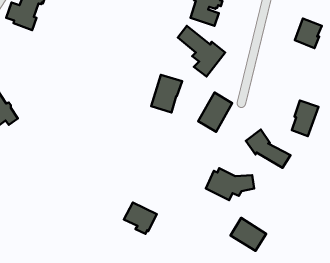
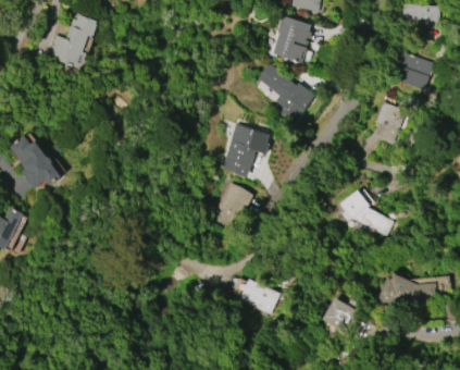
building: [198,92,232,132] -> [210,182,251,230]
building: [292,101,319,136] -> [372,101,405,145]
building: [206,168,254,200] -> [377,273,436,312]
building: [124,203,157,234] -> [237,279,277,317]

